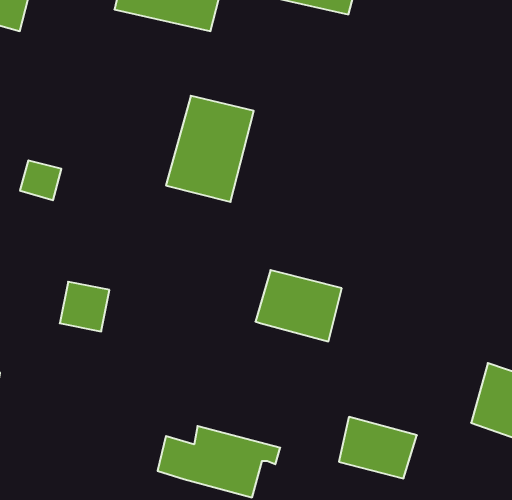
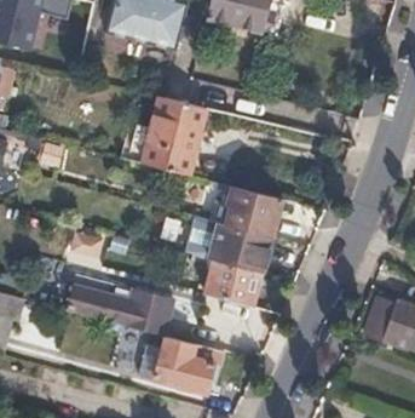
building: none -> [224,183,281,235]
building: none -> [67,285,171,334]
building: [339,417,417,478] -> [204,260,261,305]

